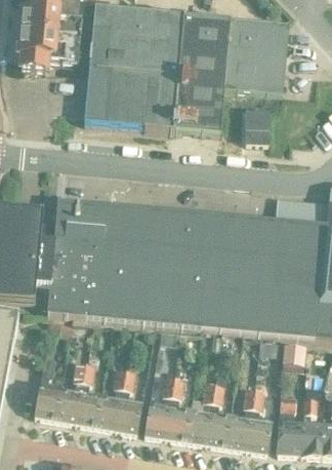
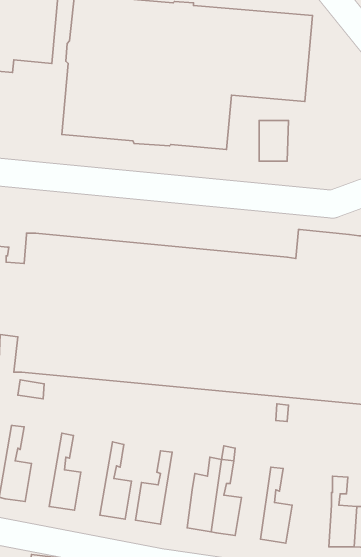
building: [283,342,306,369] -> none
building: [55,362,85,423] -> none
building: [95,369,126,430] -> none
building: [165,379,191,440] -> none
building: [225,389,254,449] -> none
building: [277,397,303,456] -> none

